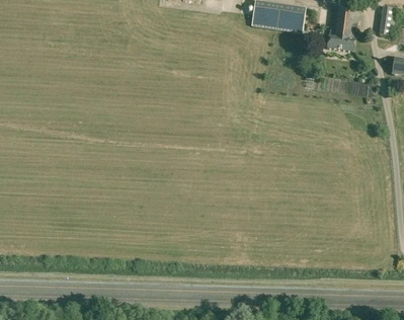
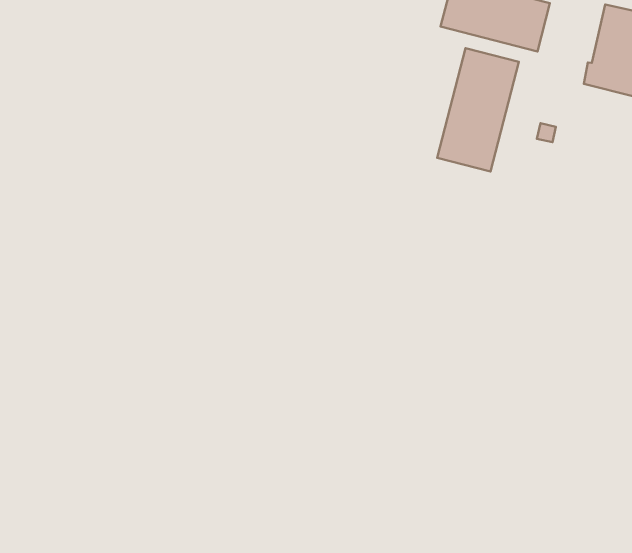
building: none -> [437,48,519,172]

